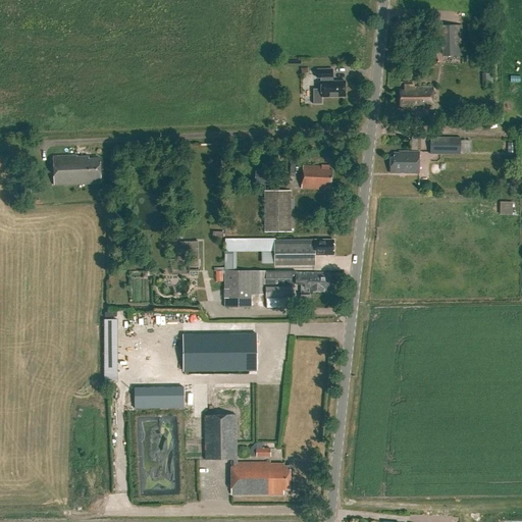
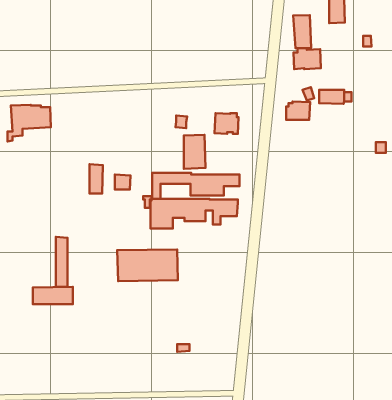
building: none -> [293,15,311,48]
building: [313,67,345,102] -> none
building: none -> [90,164,103,193]
building: [135,385,184,407] -> [33,287,73,304]
building: [203,414,290,494] -> none

